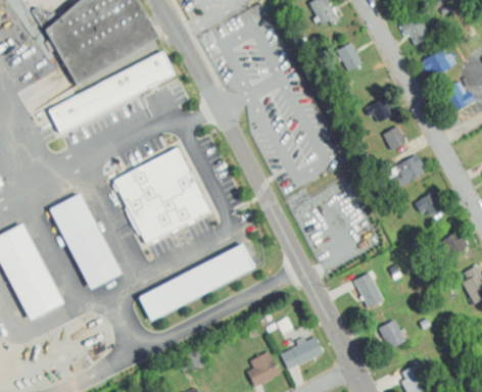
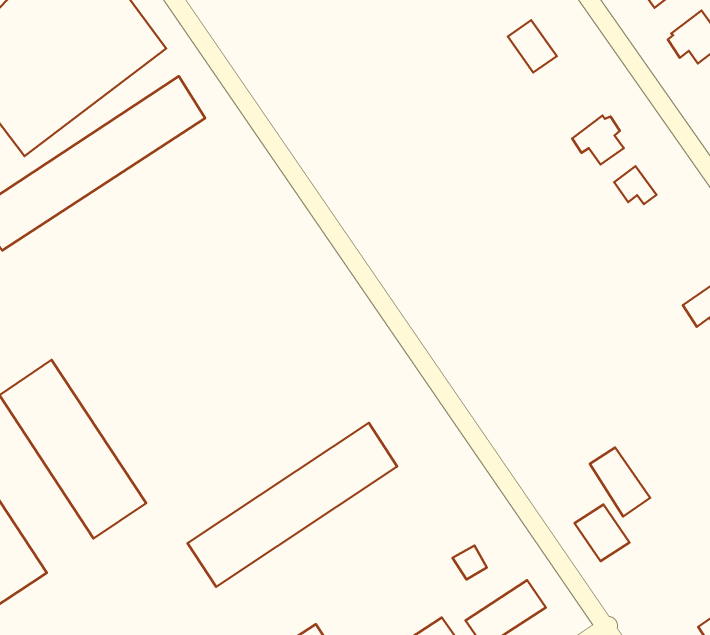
building: [113,148,209,244] -> none
building: [391,154,424,189] -> none
building: [378,320,405,349] -> [575,504,629,561]

